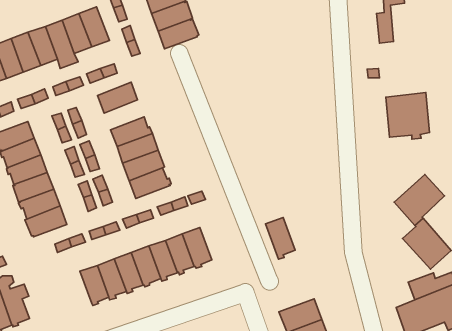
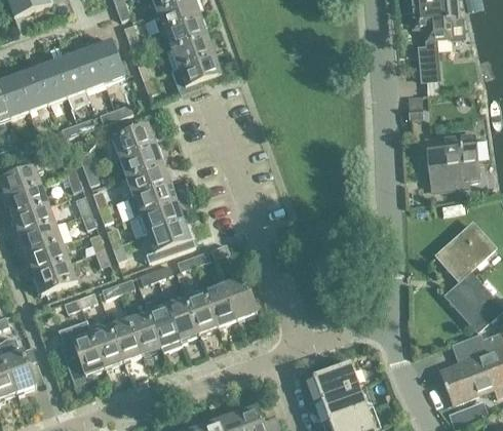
building: none -> [118,143,164,175]
building: [265,217,295,259] -> [224,276,257,322]
building: none -> [60,322,105,384]

